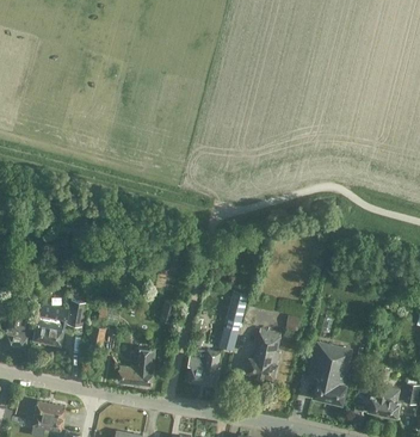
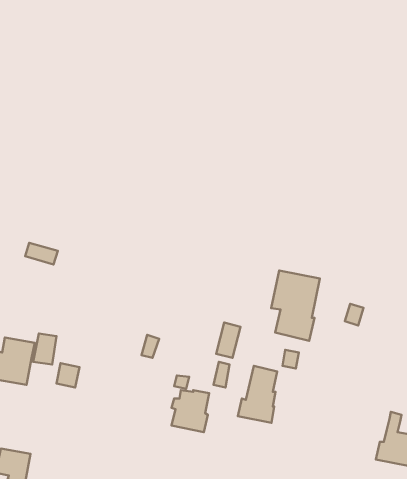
building: [309,343,352,405] -> [271,270,320,341]
building: [118,347,155,386] -> none

